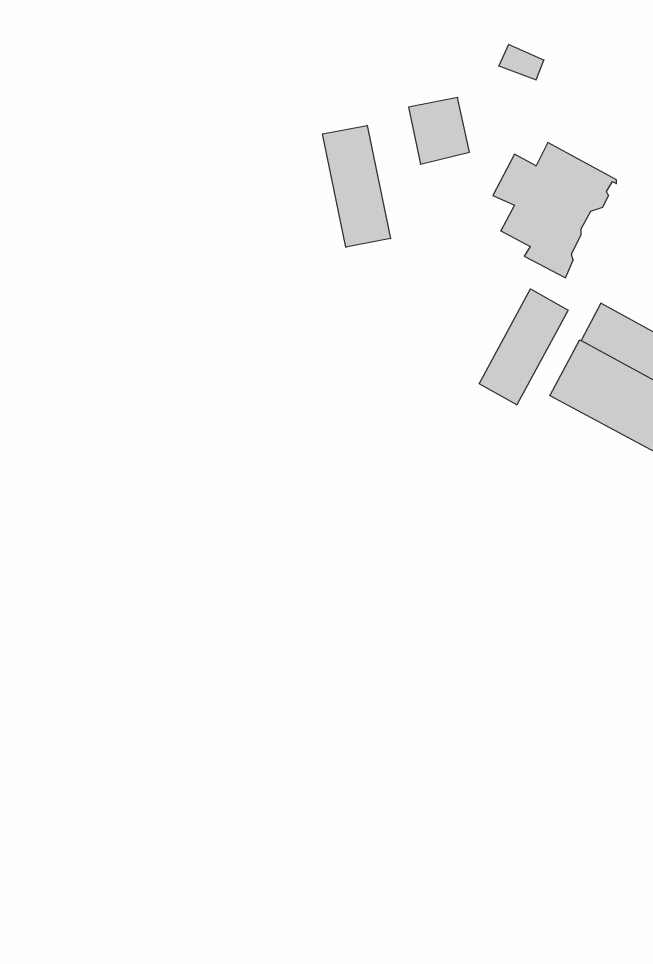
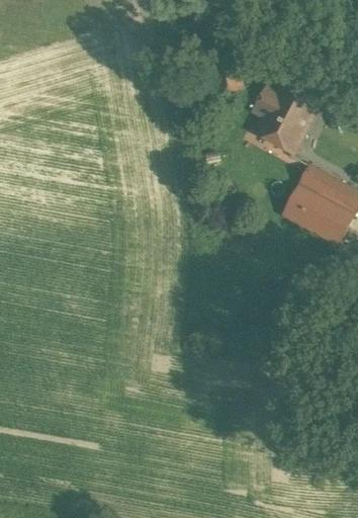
building: [323,125,391,247] -> none
building: [479,289,568,405] -> none

